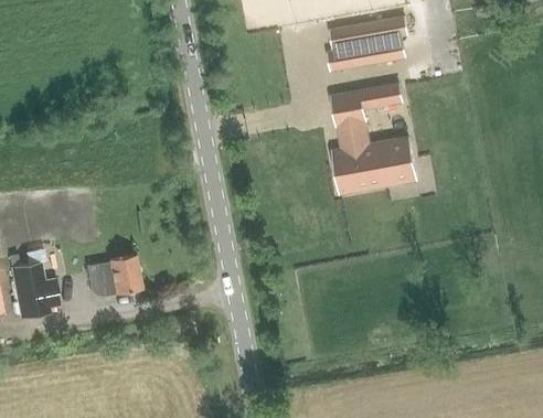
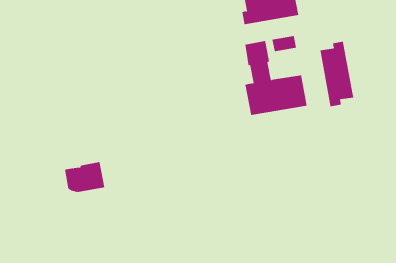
building: none -> [320,41,354,107]
building: [10,260,60,317] -> none

